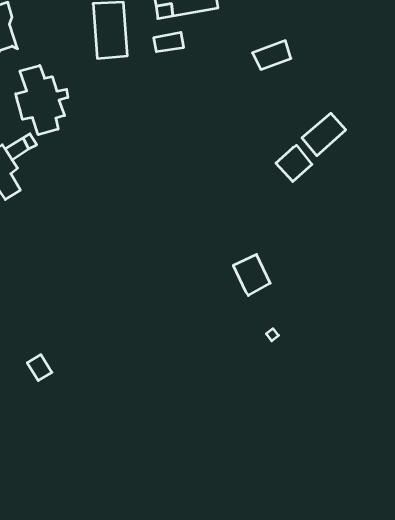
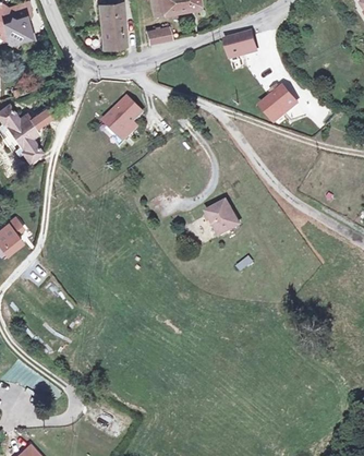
building: [16,65,68,135] -> none
building: none -> [109,95,147,136]
building: [276,145,312,182] -> none

